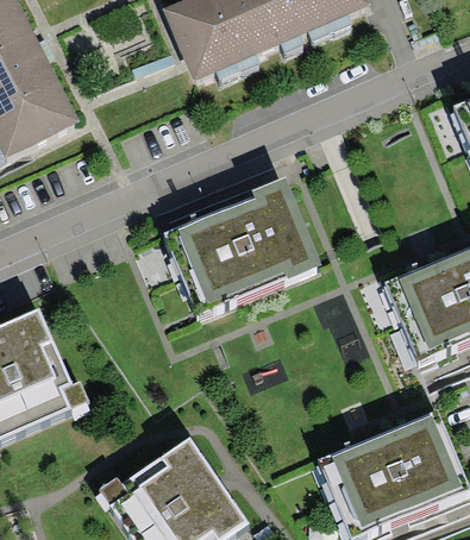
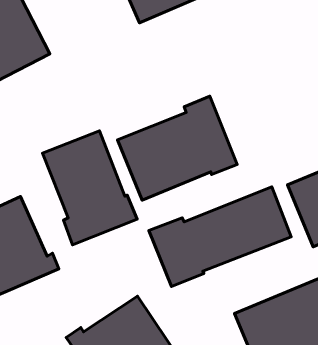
building: none -> [42,131,137,245]
building: none -> [149,187,291,287]

